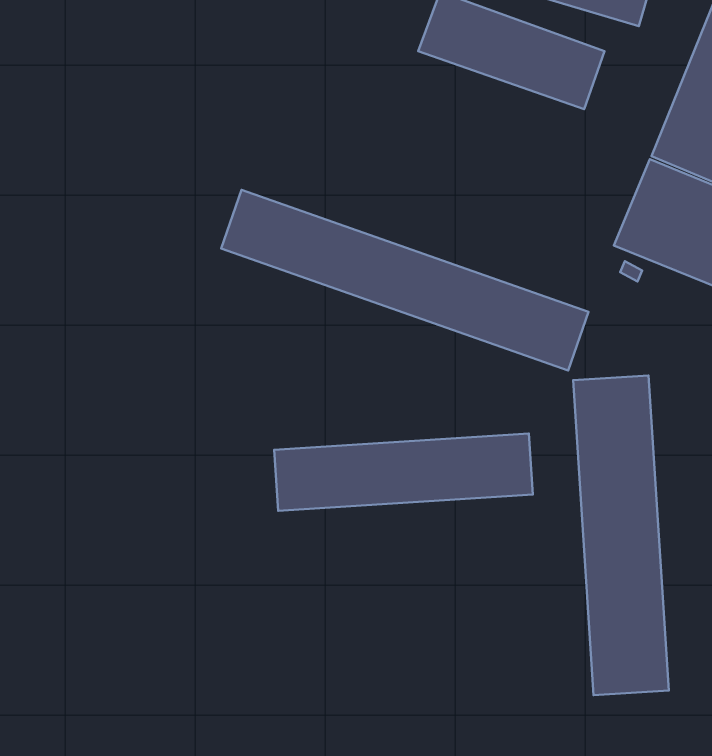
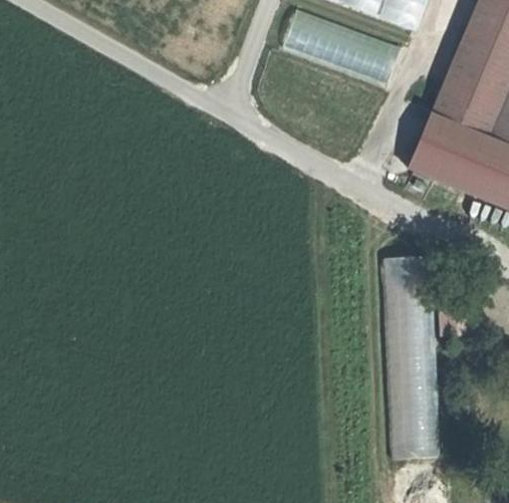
building: [221,190,589,371] -> none
building: [274,433,533,511] -> none

